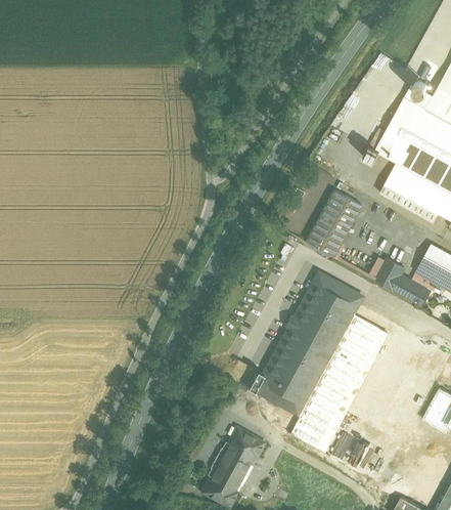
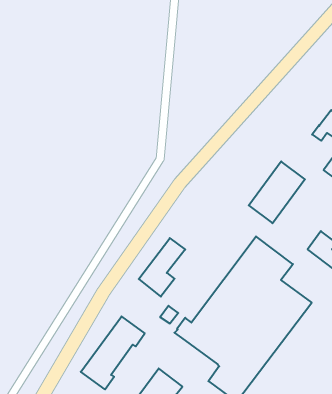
building: none -> [139,238,185,297]
building: none -> [81,316,145,389]

